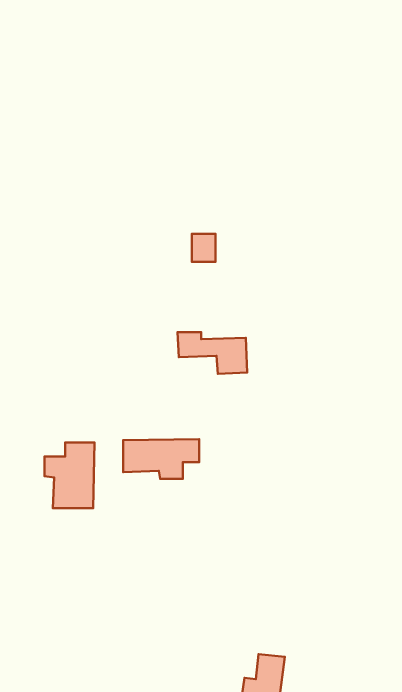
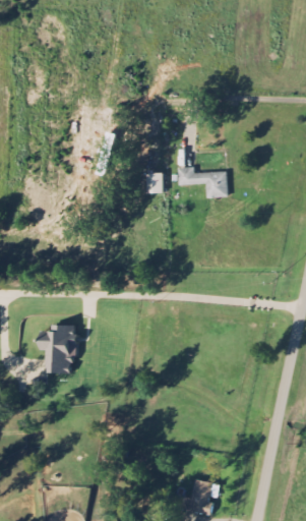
building: [178,332,247,374] -> [177,167,228,197]
building: [123,439,199,479] -> none

